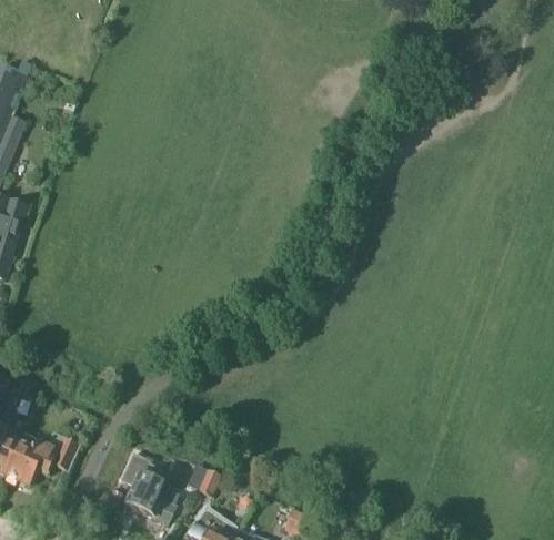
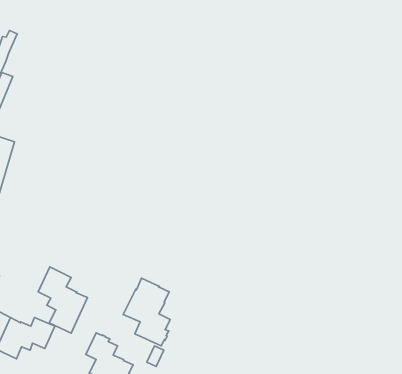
building: none -> [38,267,88,333]
building: none -> [123,278,170,346]

